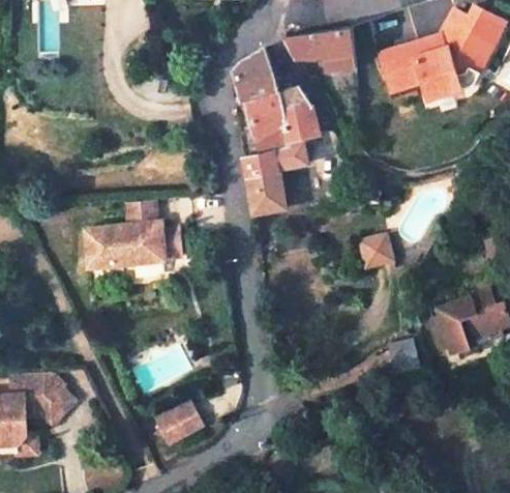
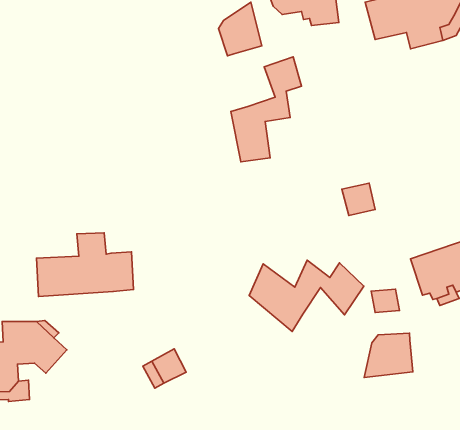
building: [247,87,308,154] -> none
building: [83,201,182,266] -> [36,233,133,296]
building: none -> [249,260,364,332]
building: none -> [364,333,413,378]

